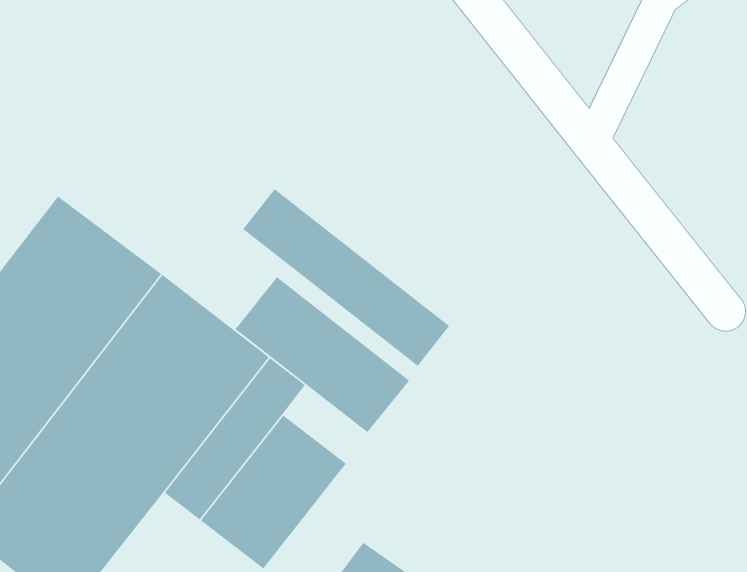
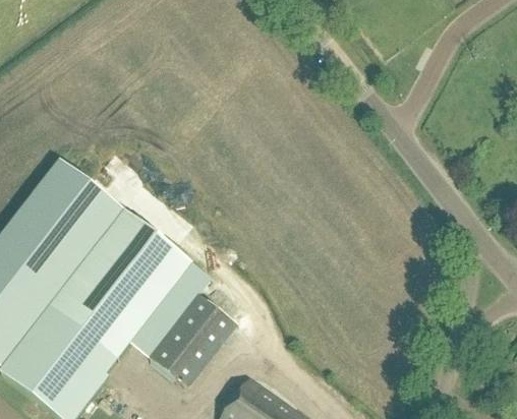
building: [242,188,450,367] -> none
building: [234,276,410,433] -> none

